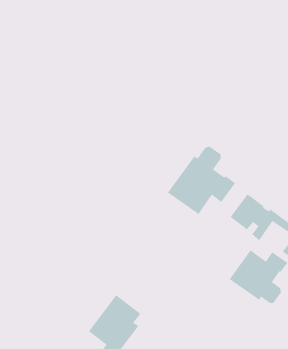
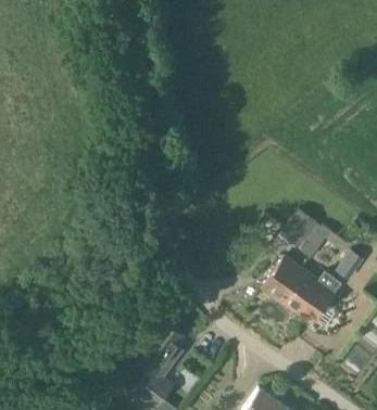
building: [167,145,236,215] -> none
building: none -> [262,255,302,299]

